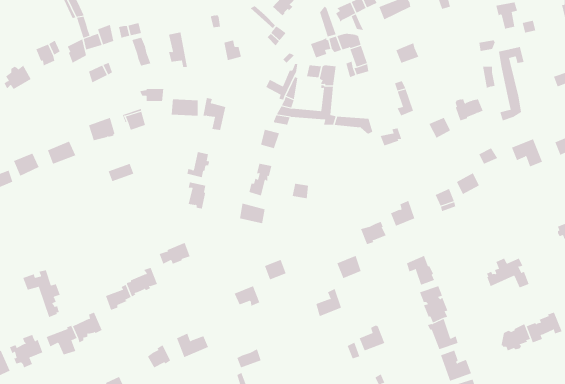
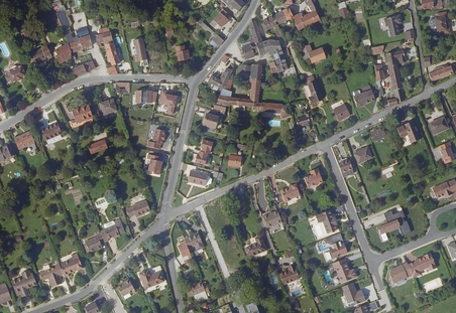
building: [22,270,60,318] -> none

